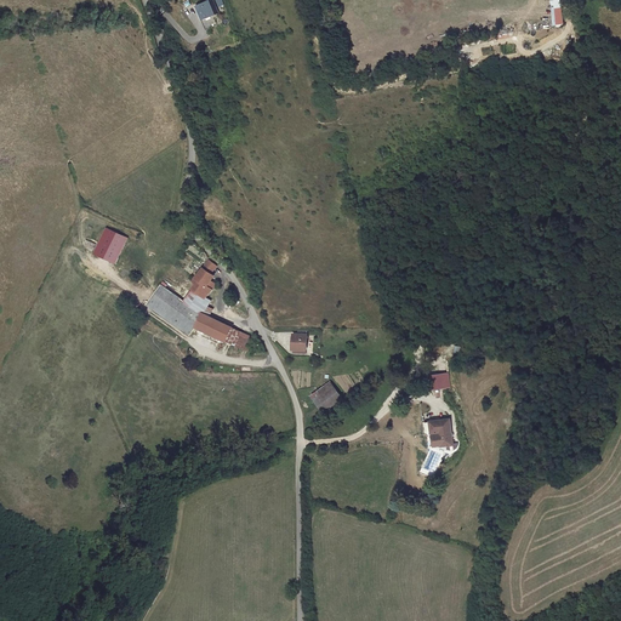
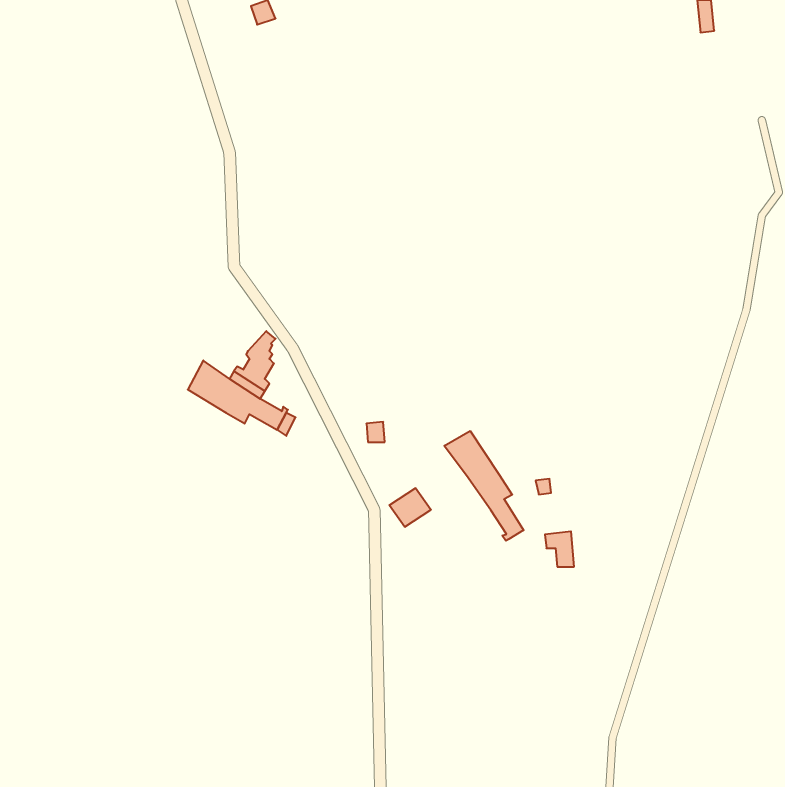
building: [93,227,129,263] -> none
building: none -> [444,431,524,541]

